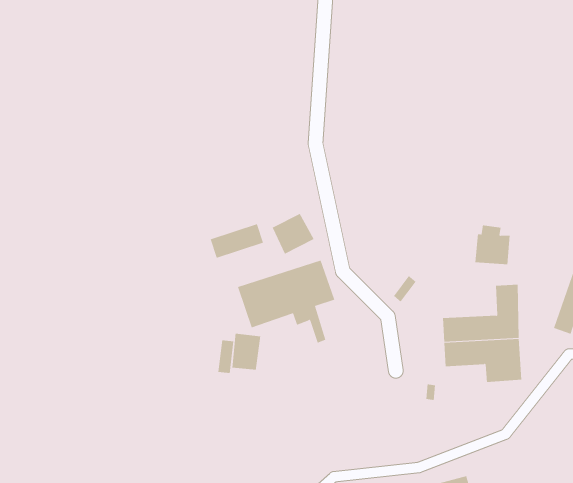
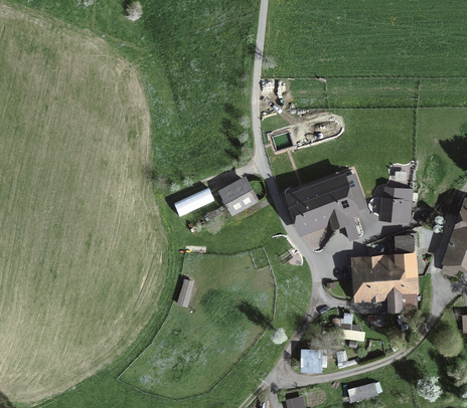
building: [237,260,335,344] -> [288,175,364,240]
building: [232,333,261,371] -> none
building: none -> [300,347,321,372]

